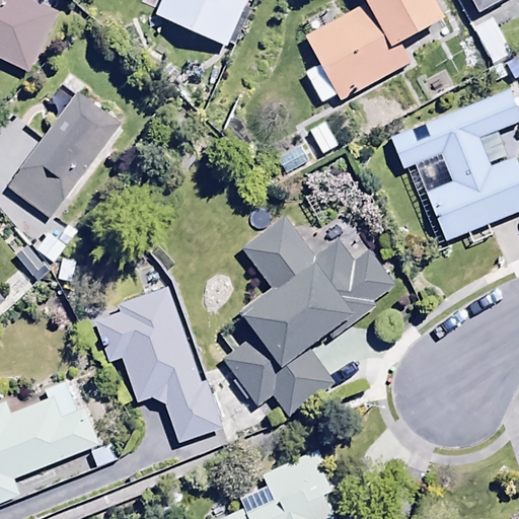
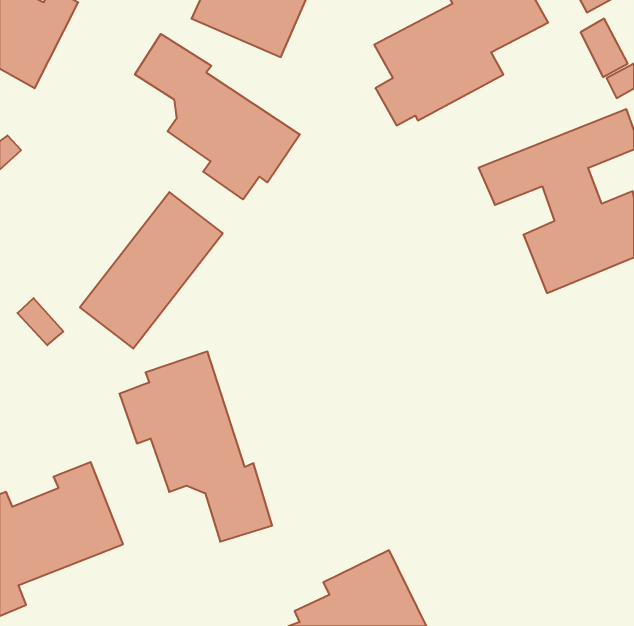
building: none -> [135,34,300,199]
building: [6,92,123,220] -> [80,192,223,349]
building: [221,218,397,416] -> none

